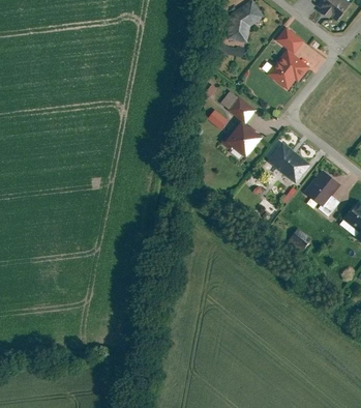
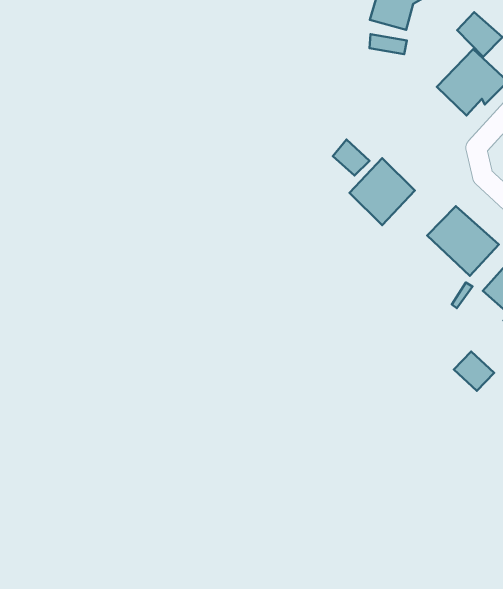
building: [221,91,258,123] -> none

